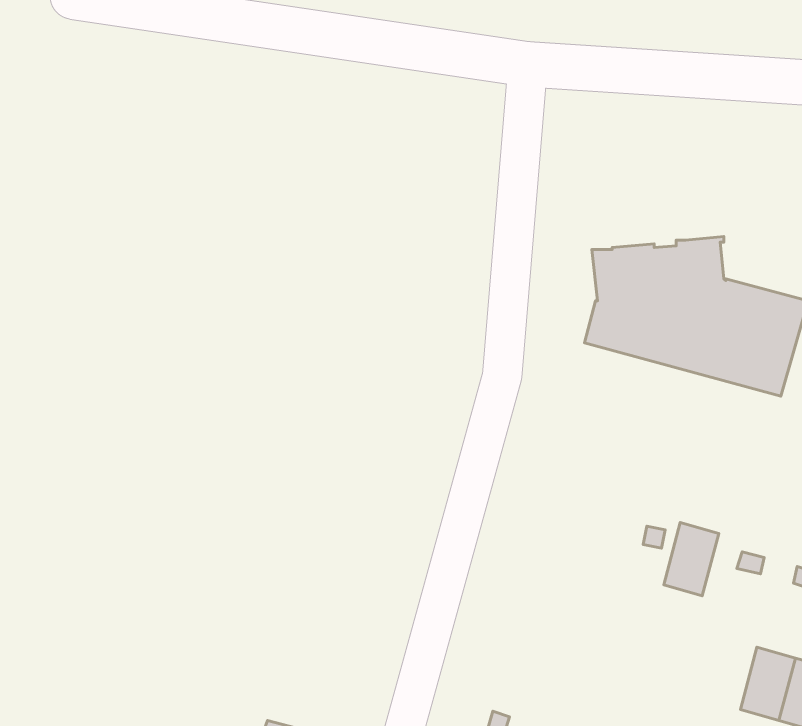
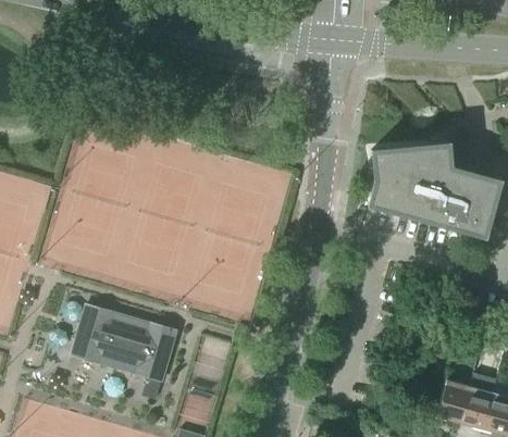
building: none -> [72,304,176,383]
building: [664,523,719,596] -> [437,379,470,423]

